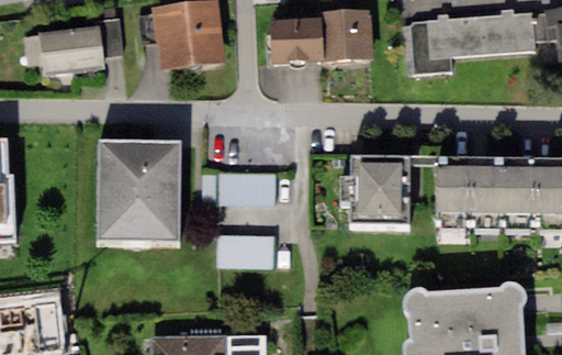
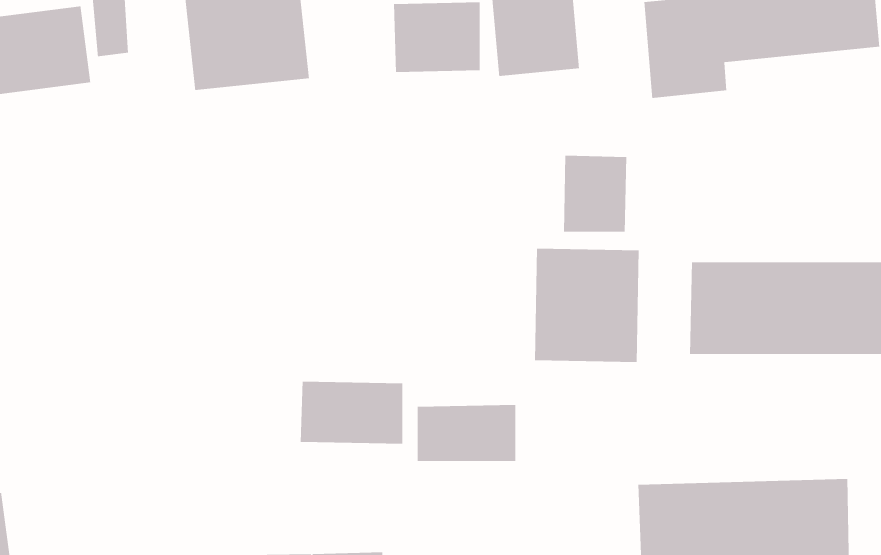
building: none -> [563,155,627,233]
building: [97,142,180,243] -> none
building: [221,171,276,203] -> [417,404,516,462]

